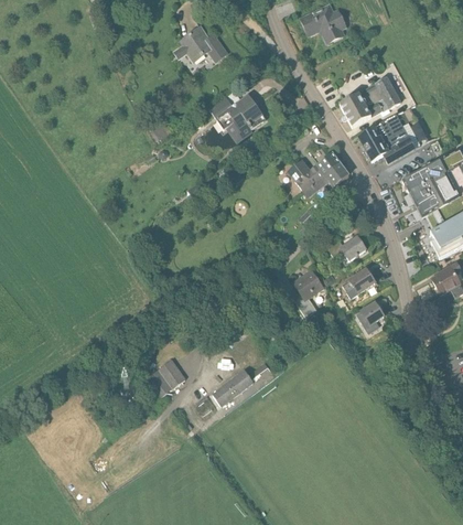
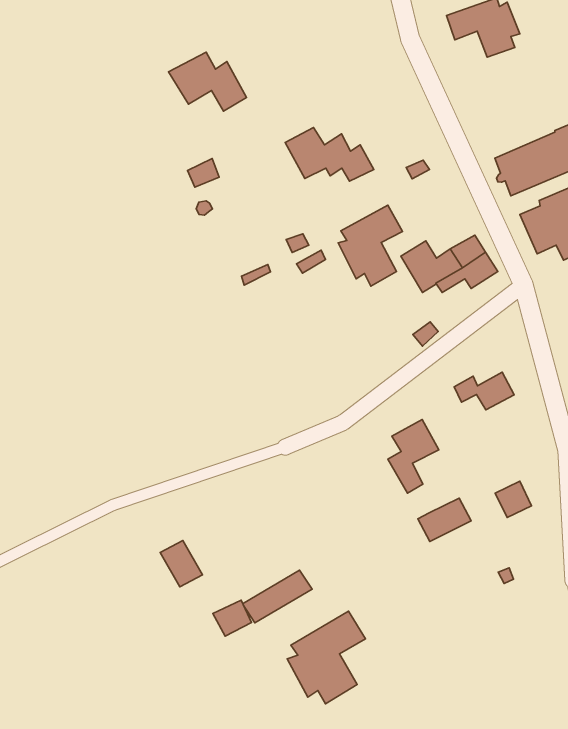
building: [177,26,227,62] -> [169,52,247,111]
building: none -> [338,205,402,286]
building: [341,268,374,297] -> [418,498,471,542]
building: none -> [287,611,365,704]

